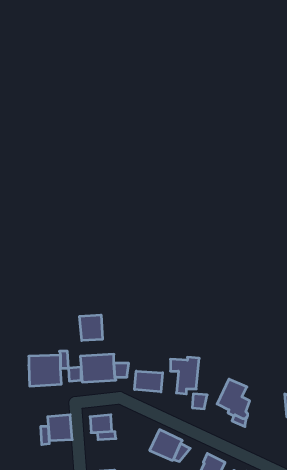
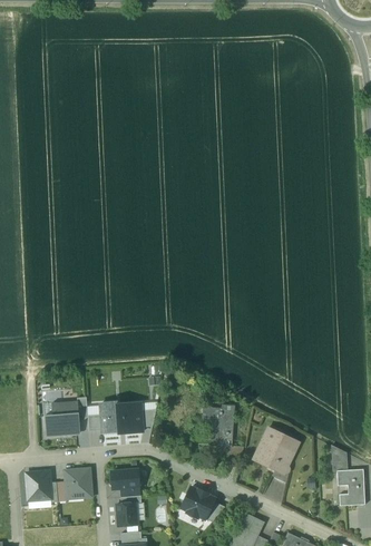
building: [80,315,102,341] -> none
building: [135,371,163,392] -> none
building: none -> [27,471,50,499]
building: none -> [116,504,138,526]

